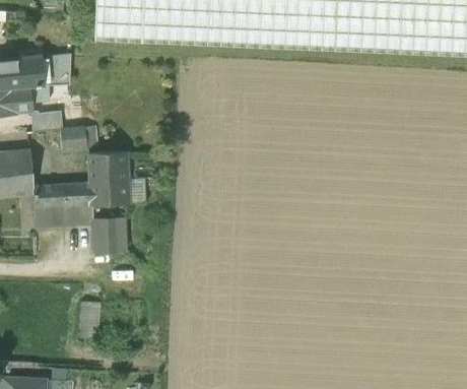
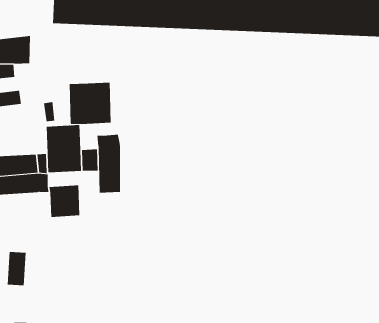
building: none -> [69,82,111,125]
building: [60,126,87,150] -> none
building: none -> [97,134,121,194]
building: [80,301,102,338] -> [7,251,26,286]

